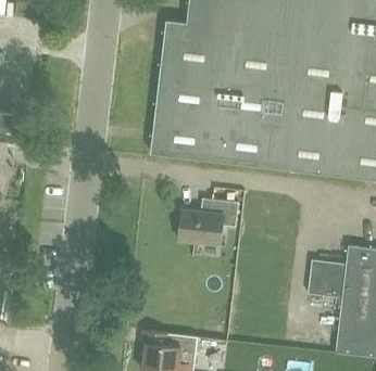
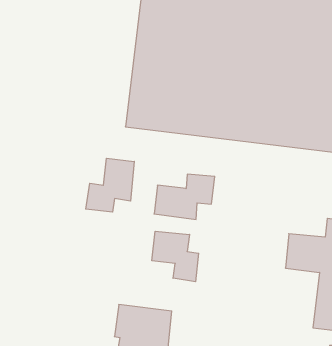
building: none -> [86,158,134,212]
building: none -> [152,231,199,282]

